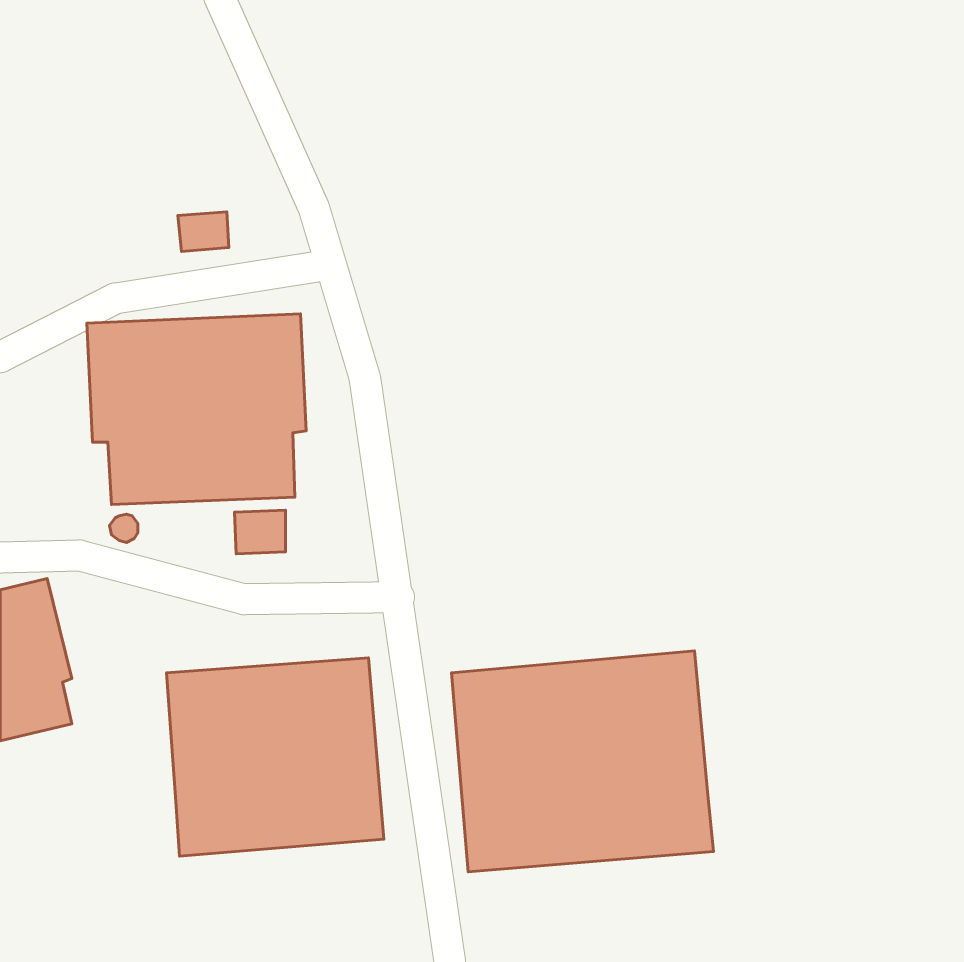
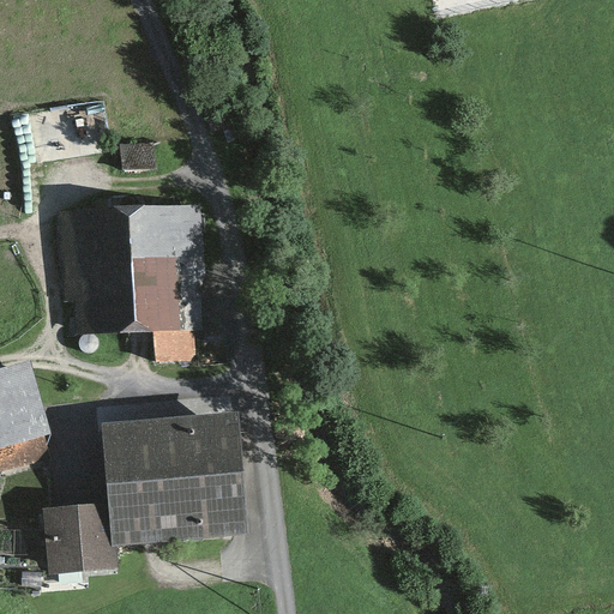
building: [451,651,714,872] -> none
building: none -> [47,508,118,571]

